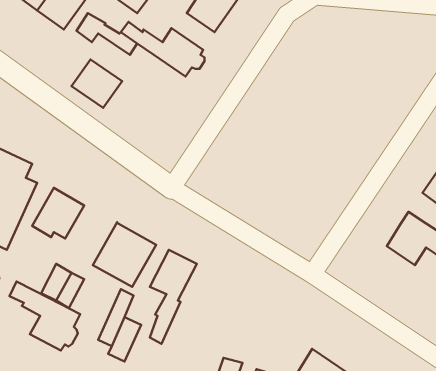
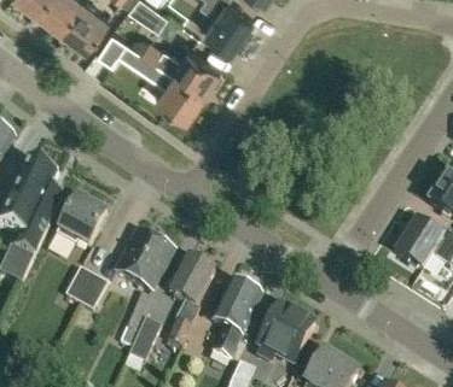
building: [71,60,122,108] -> [155,75,203,121]
building: none -> [211,286,260,363]
building: [10,281,80,350] -> none
building: none -> [255,310,313,368]

